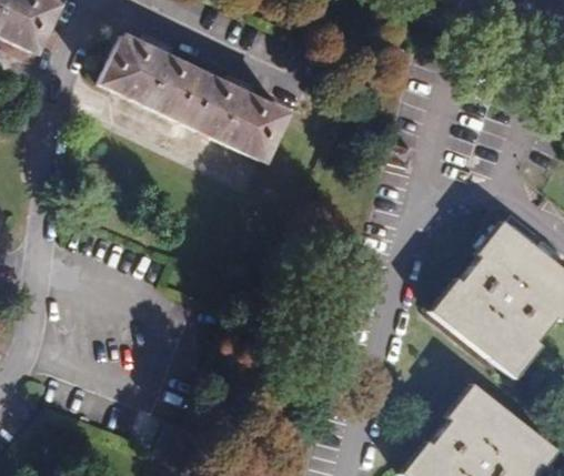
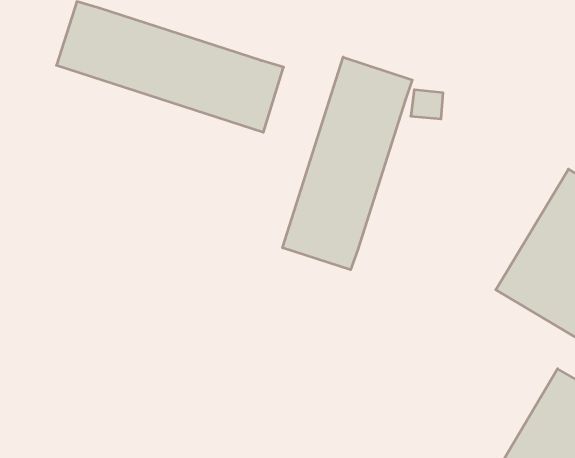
building: none -> [283,57,412,270]

